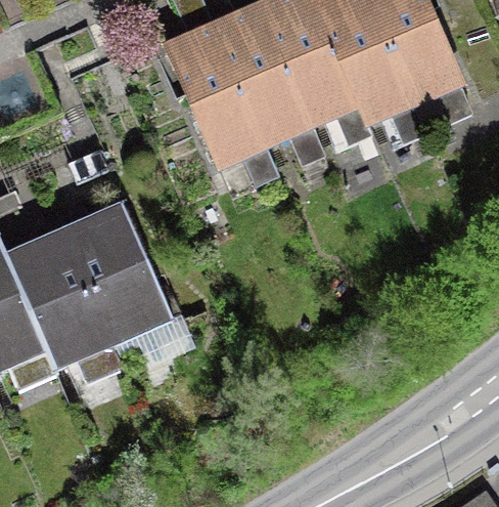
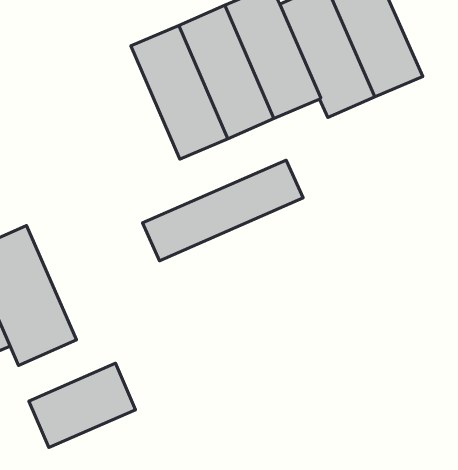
building: none -> [143,160,303,261]
building: [63,205,172,345] -> none
building: none -> [29,363,135,448]

